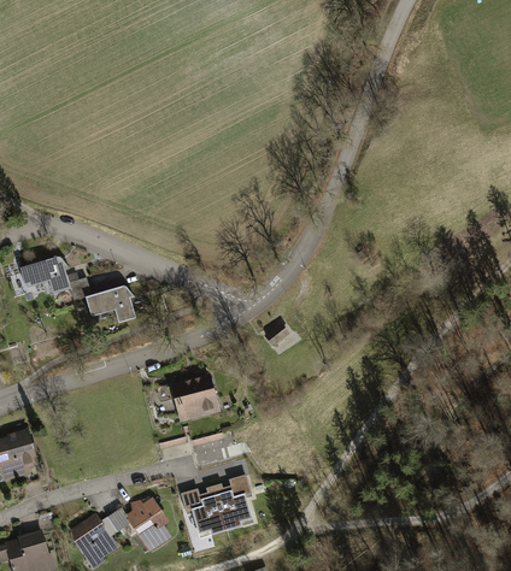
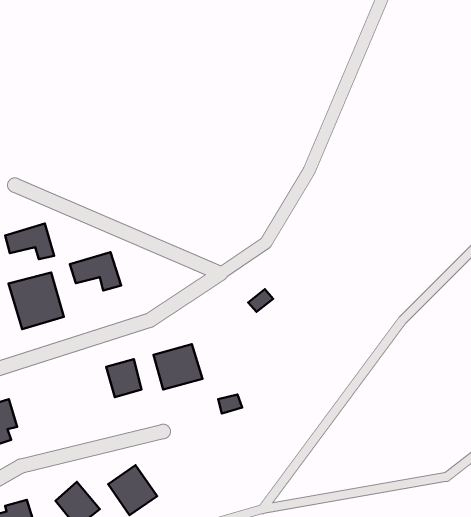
building: none -> [9,273,64,329]
building: none -> [106,359,141,397]
building: [190,489,256,541] -> none

